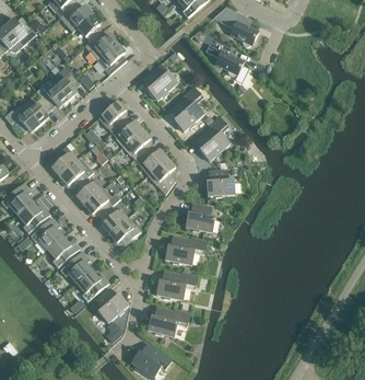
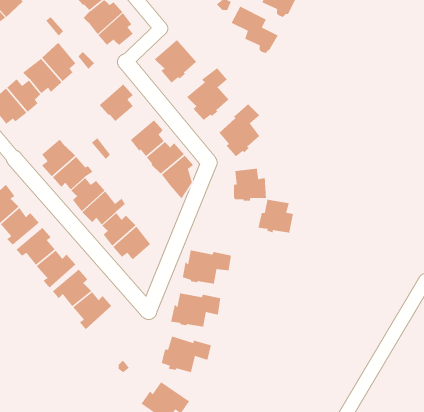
building: [110,118,142,146] -> none
building: [185,203,214,231] -> [257,199,294,234]
building: [96,287,128,322] -> none

